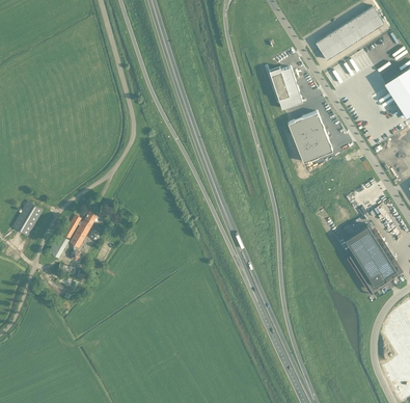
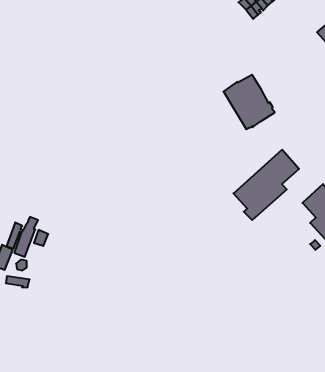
building: [269,68,302,109] -> none
building: none -> [233,150,299,220]

